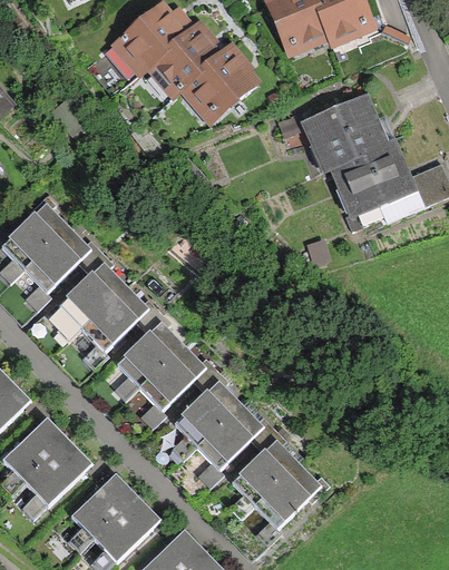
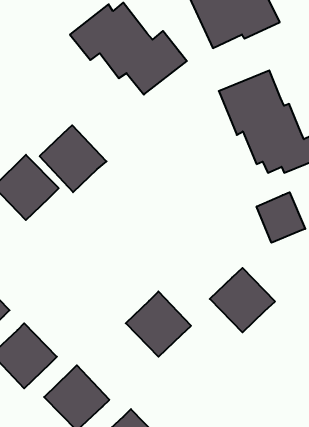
building: none -> [257,192,305,243]
building: [62,261,149,347] -> [40,125,107,192]
building: [123,323,207,407] -> none
building: [236,438,321,521] -> [210,268,275,332]

